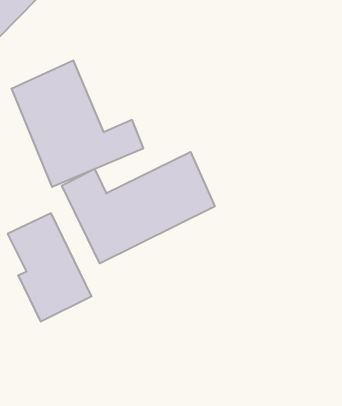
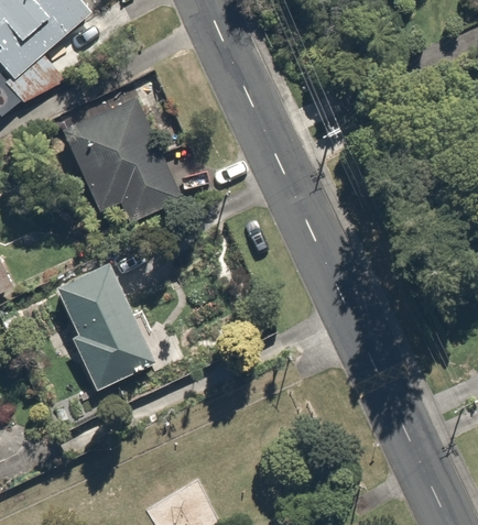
building: [62,152,215,263] -> none

